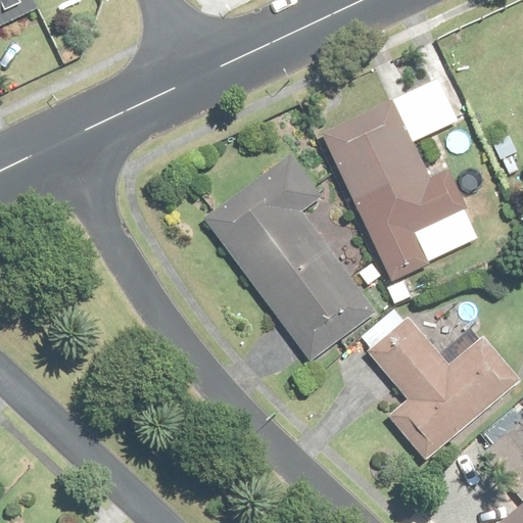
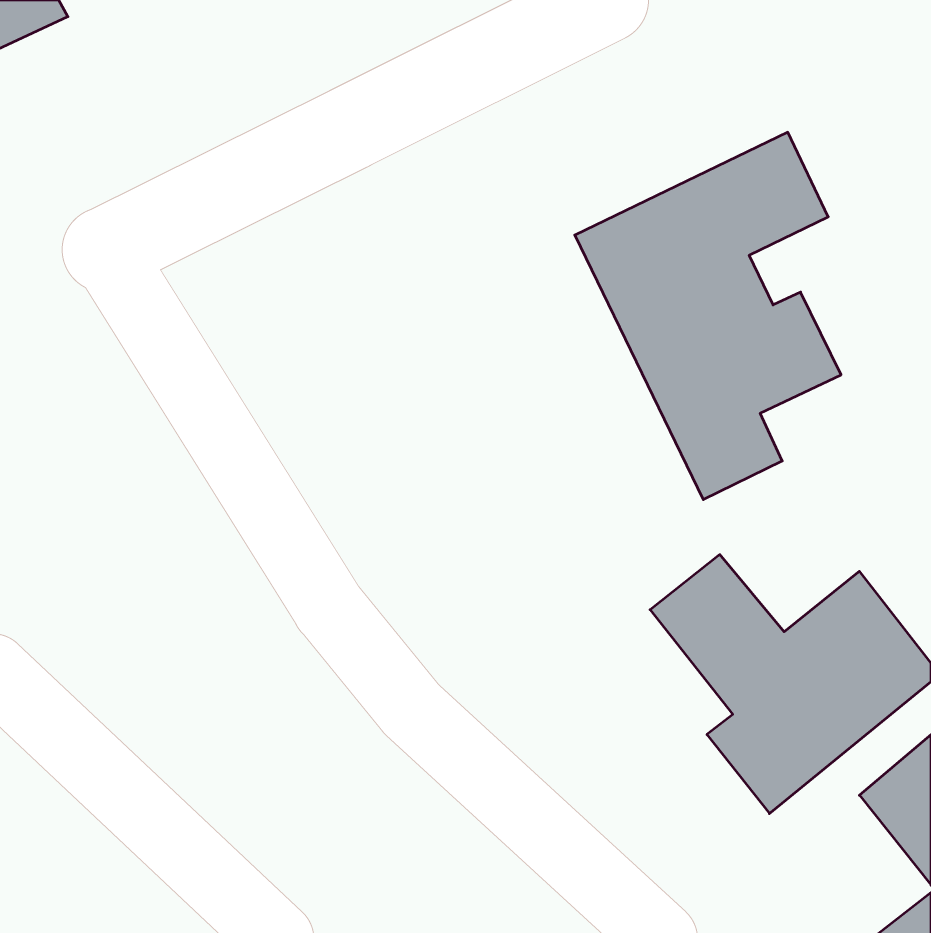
building: [202,152,382,364] -> none

